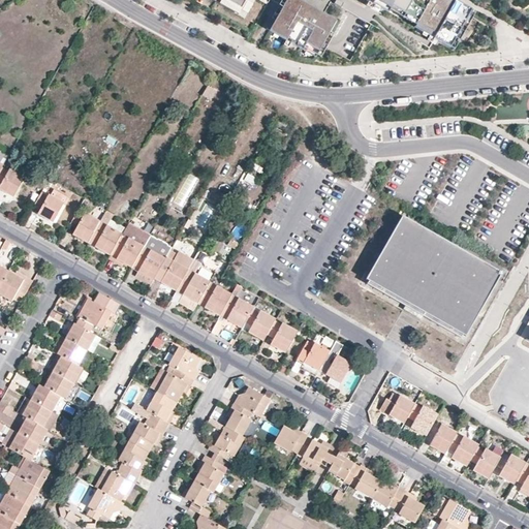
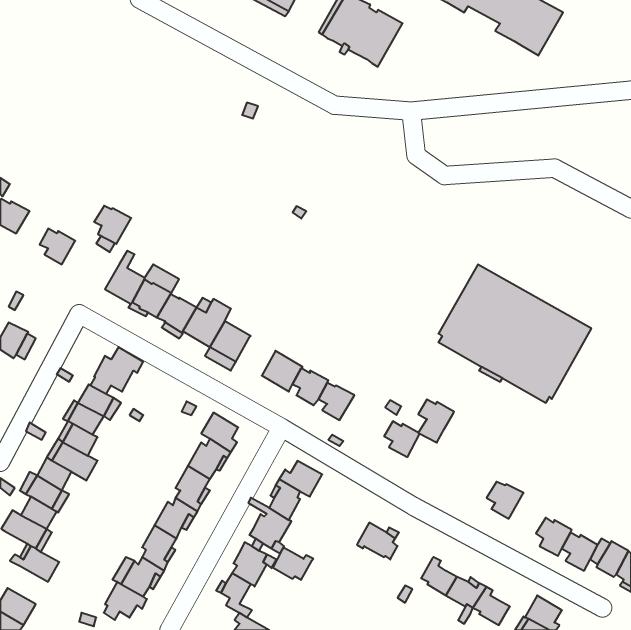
building: [69,210,100,242] -> [94,206,131,244]
building: [198,282,230,314] -> none
building: [300,340,330,376] -> [418,399,454,443]
building: [380,392,415,422] -> none
building: [430,423,457,453] -> none
building: [276,427,310,454] -> [273,548,313,580]
building: [326,455,362,486] -> none
building: [6,473,40,505] -> none

